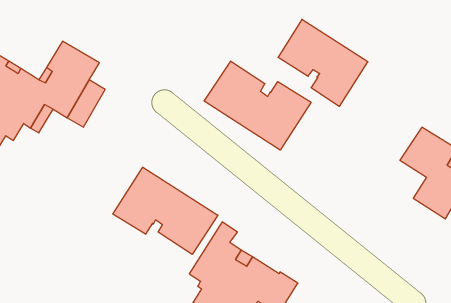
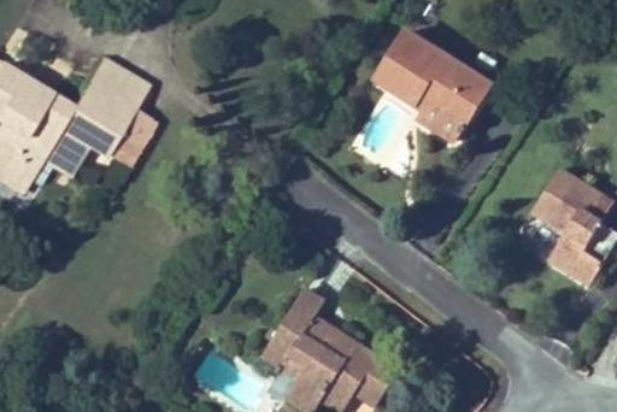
building: [204,61,311,150] -> none
building: [113,167,218,254] -> none

